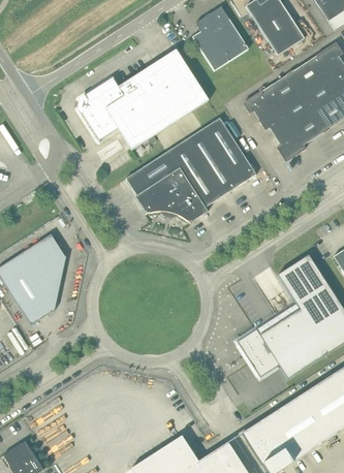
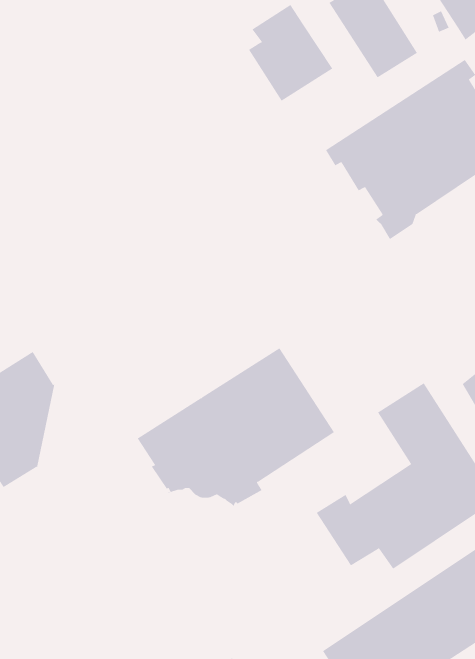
building: [79,50,208,150] -> none
building: [125,118,255,223] -> [137,347,335,507]

